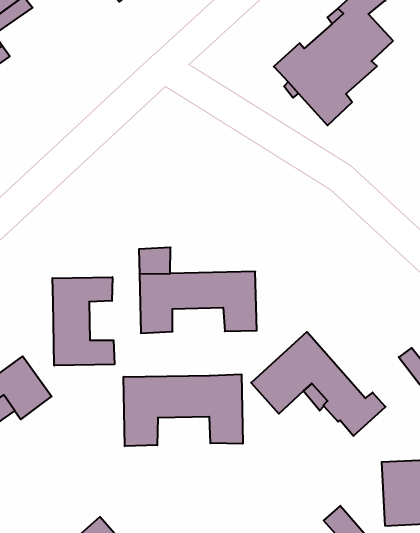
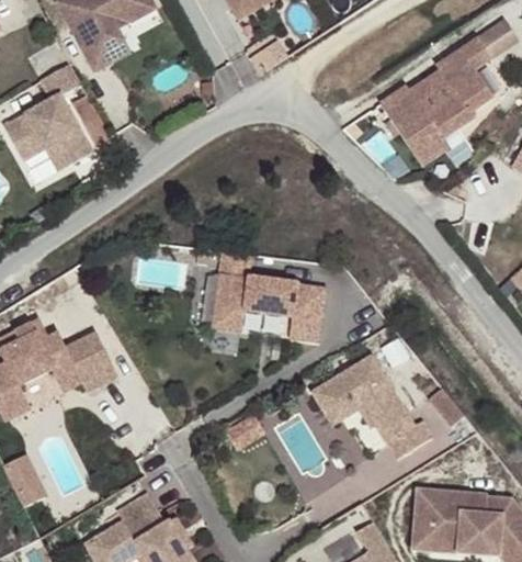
building: [52,277,114,366] -> none
building: [124,374,243,446] -> none

